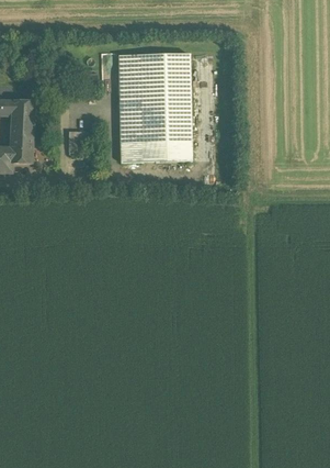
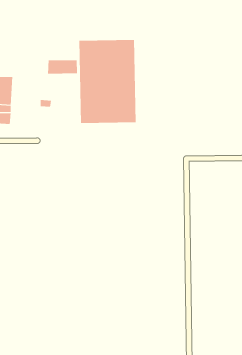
building: none -> [48,59,77,74]

